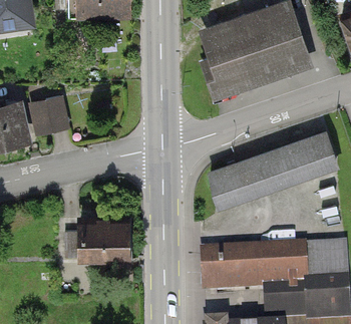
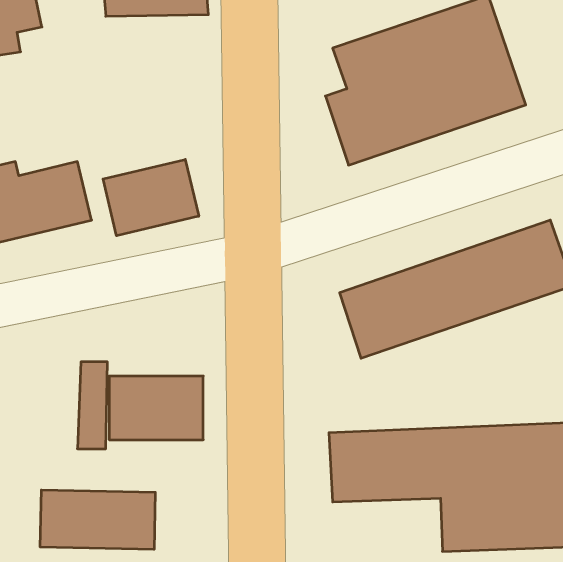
building: none -> [103,159,199,236]
building: none -> [40,490,155,549]

